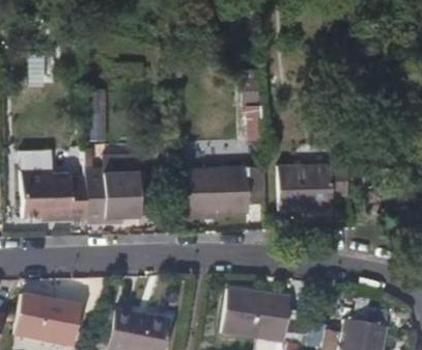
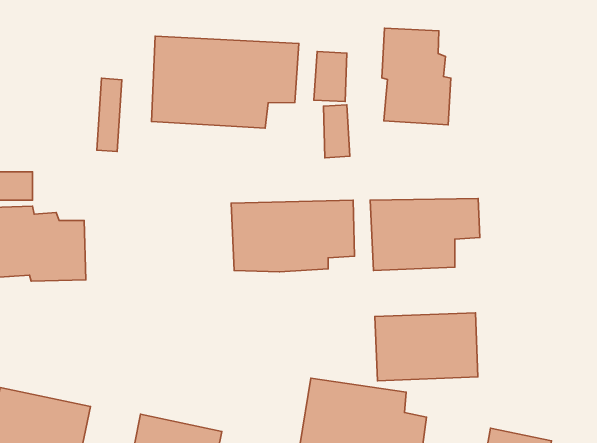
building: none -> [382,28,451,125]
building: none -> [152,36,299,128]
building: [81,168,136,225] -> none
building: none -> [375,313,478,381]

